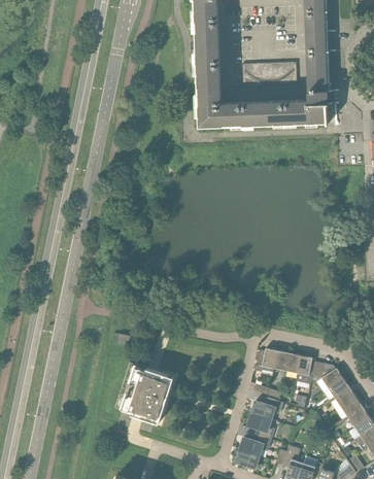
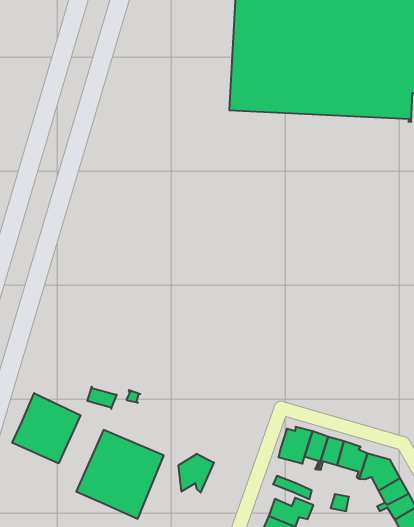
building: none -> [12,393,81,463]
building: none -> [179,454,214,493]

